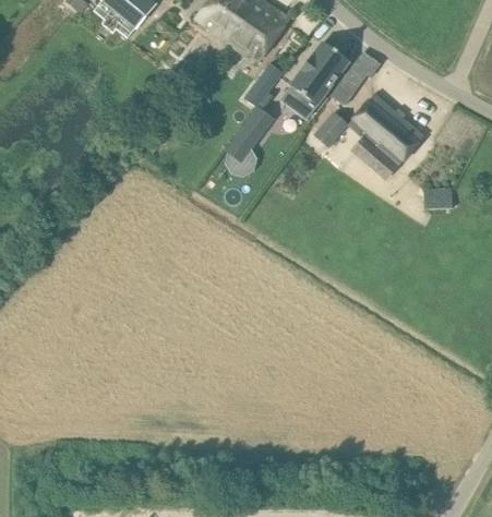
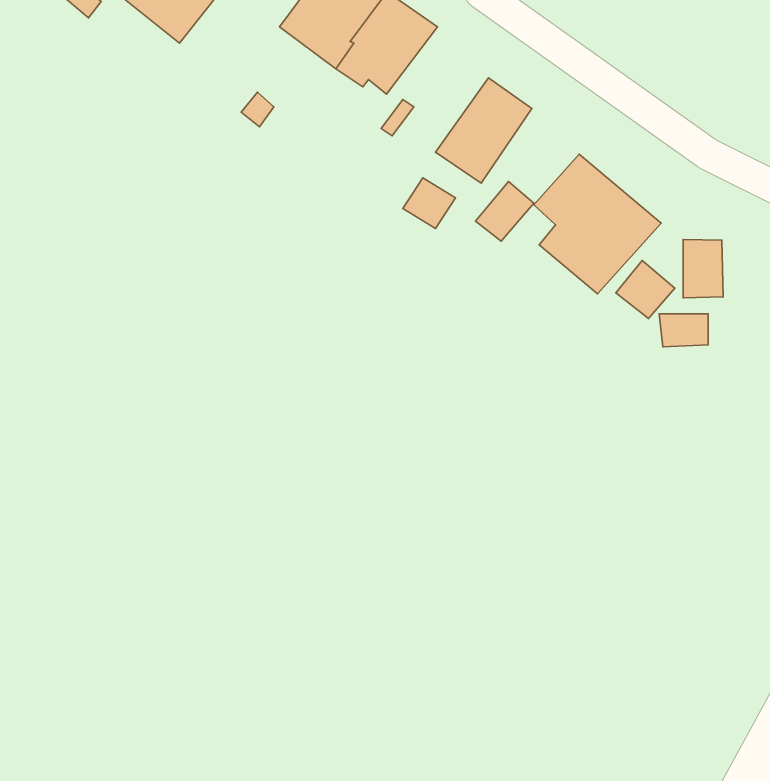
building: [331,52,381,107] -> none
building: [226,109,272,161] -> none
building: none -> [683,240,723,298]
building: none -> [616,261,675,319]

